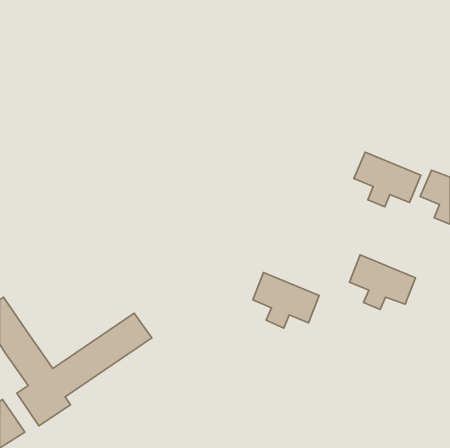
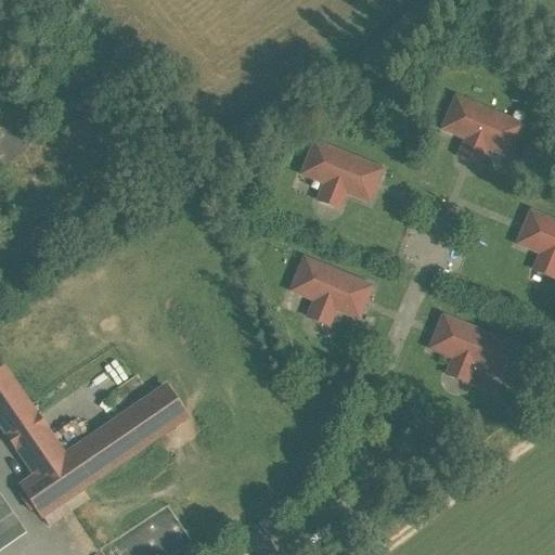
building: none -> [300,139,383,207]
building: [354,152,421,207] -> [441,94,524,162]
building: [253,273,319,328] -> [291,256,372,324]

